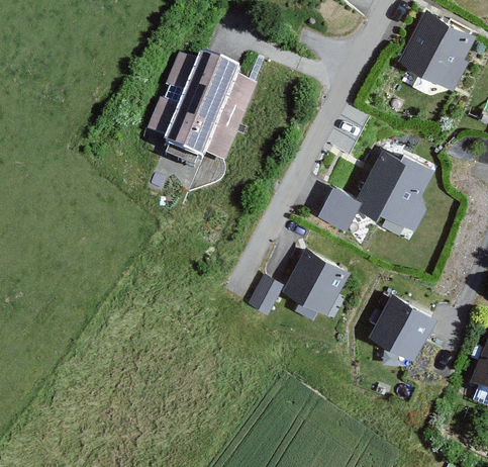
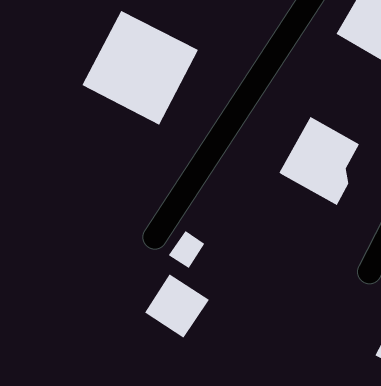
building: [319,187,356,228] -> none
building: [286,249,353,314] -> [144,273,210,339]
building: [366,295,441,365] -> none

